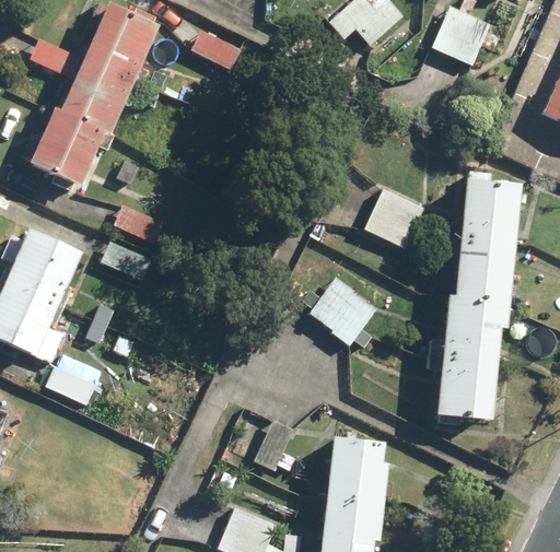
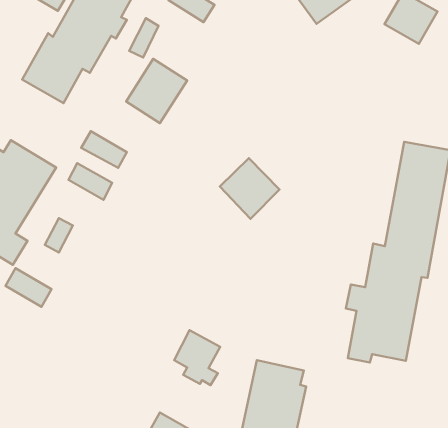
building: none -> [126,59,187,123]
building: [361,190,422,249] -> none
building: [307,279,374,345] -> [220,158,279,219]

